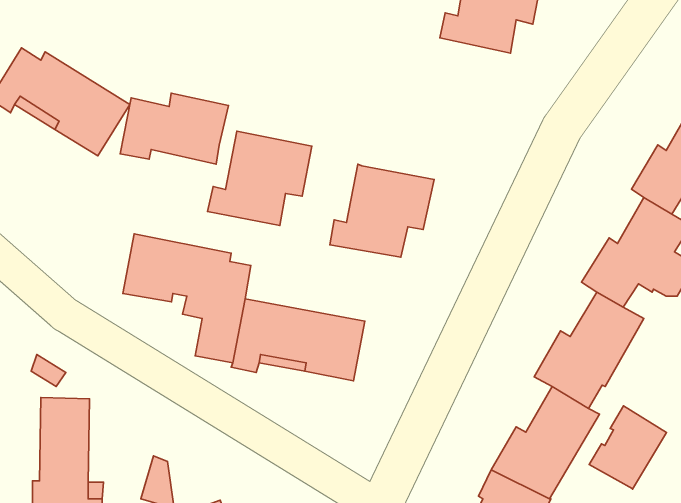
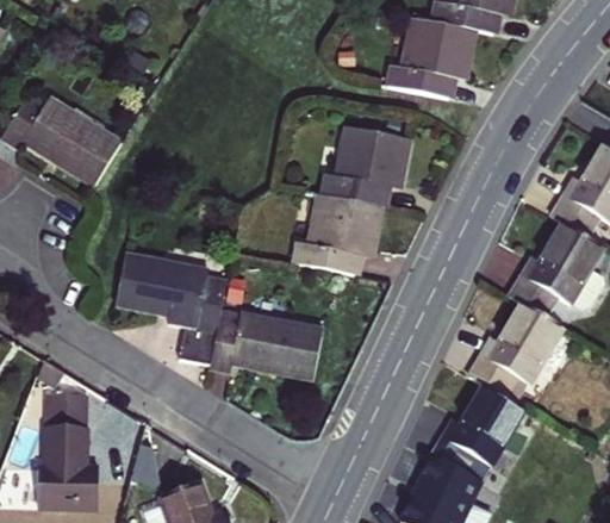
building: [120,93,229,164] -> none
building: [208,131,312,225] -> [320,125,410,206]
building: [589,406,666,489] -> none

